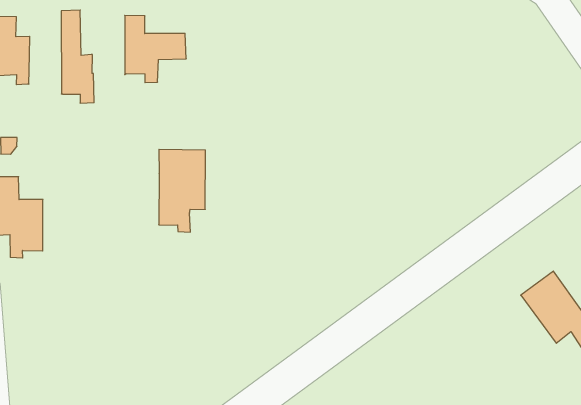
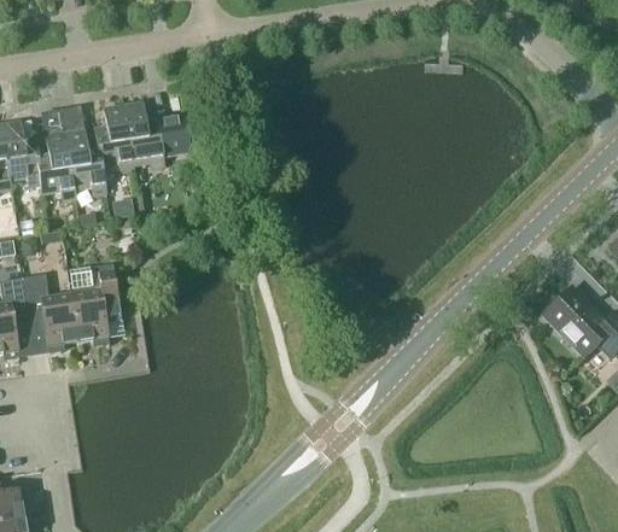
building: none -> [37,109,76,198]
building: none -> [94,104,134,170]
building: [159,149,205,232] -> [68,263,121,345]

